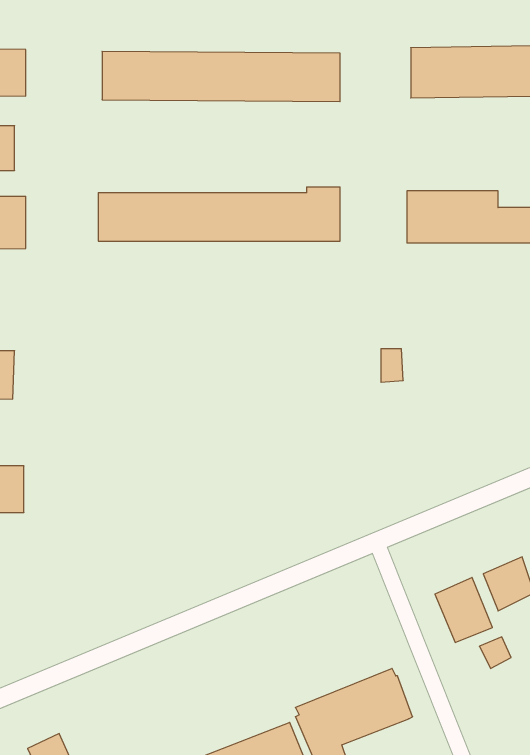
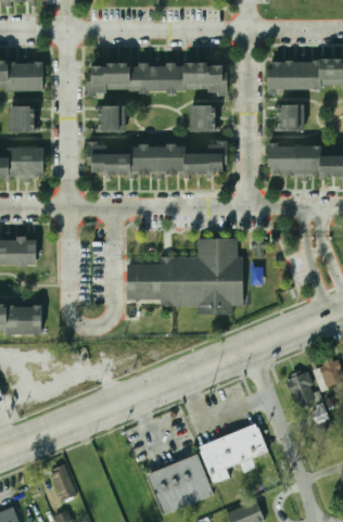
building: none -> [191,105,216,131]
building: none -> [280,105,303,131]
building: none -> [99,106,124,131]
building: none -> [124,238,236,314]

